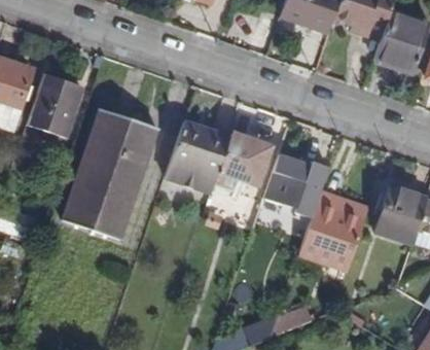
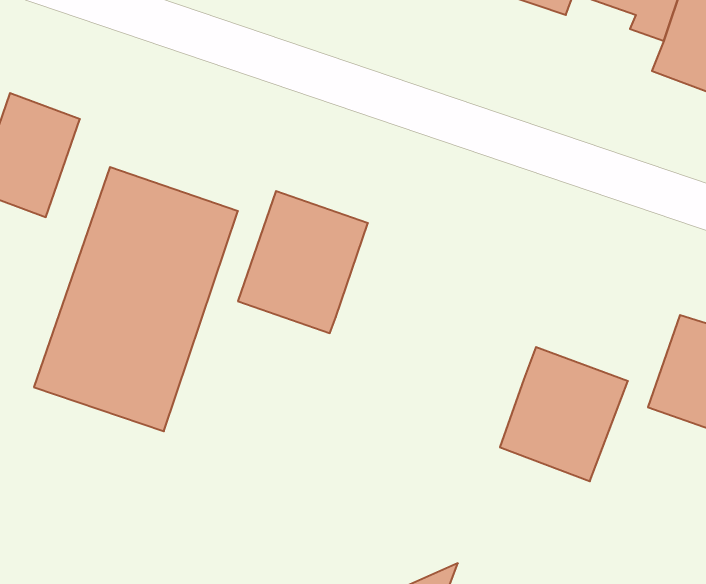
building: [214,131,272,194] -> none
building: [264,152,329,216] -> none

